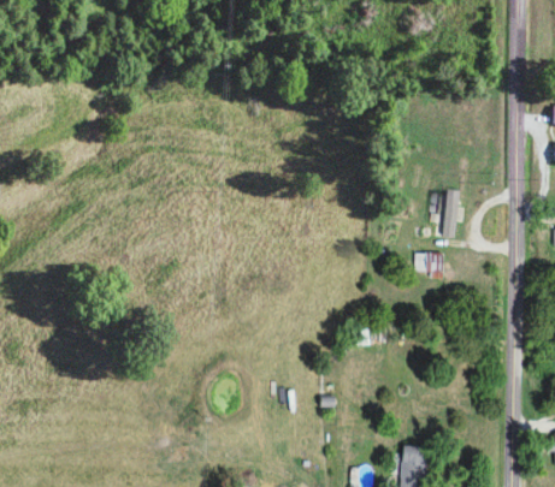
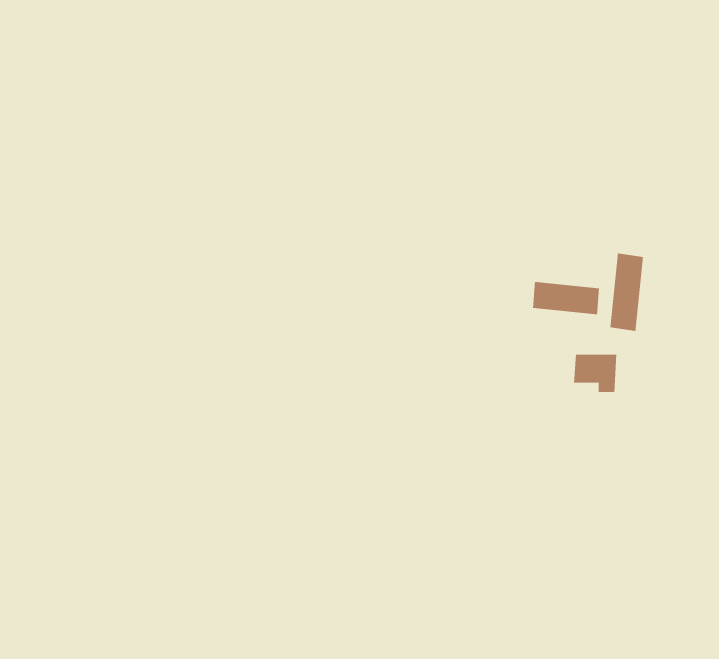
building: none -> [533,281,599,315]

